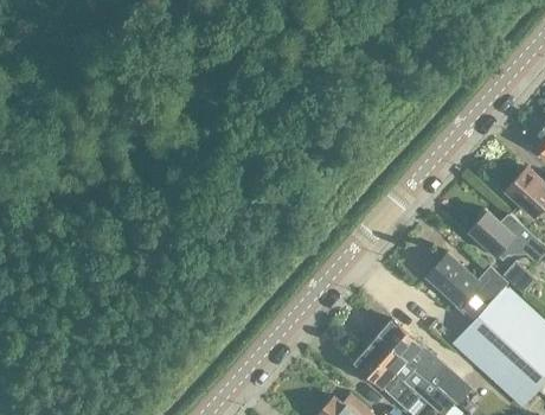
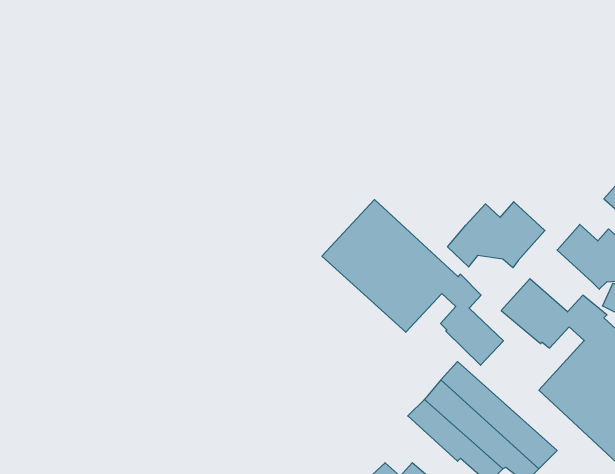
building: none -> [322,200,503,365]
building: none -> [448,202,545,268]

